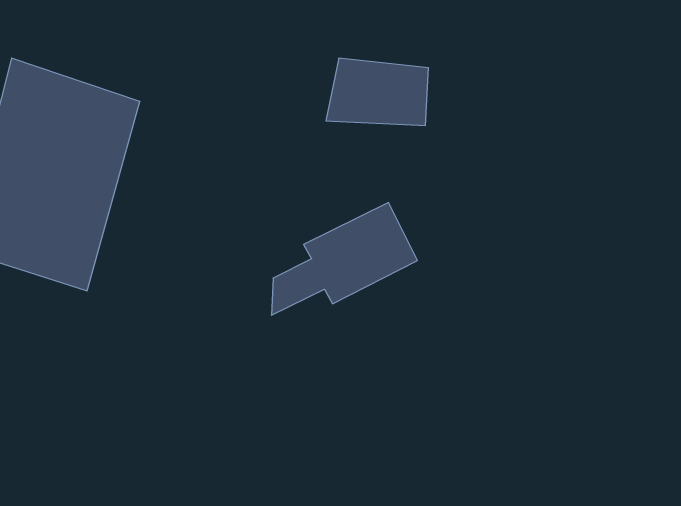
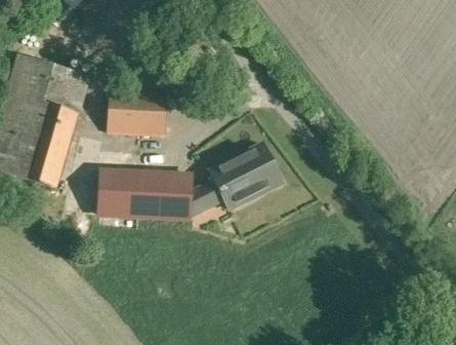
building: [326,58,429,126] -> [106,91,171,135]
building: none -> [97,169,188,218]

